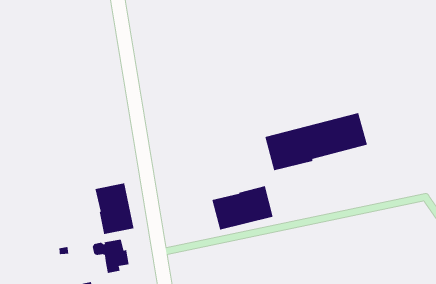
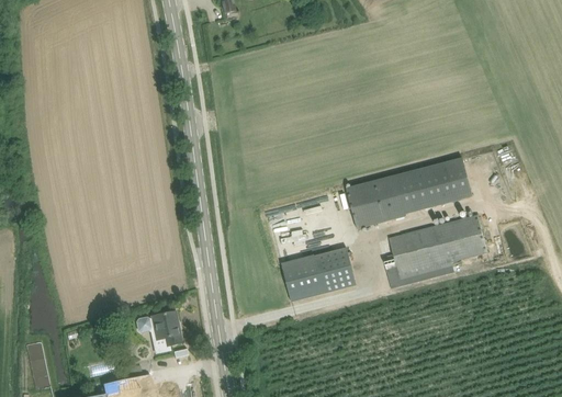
building: none -> [384,214,487,287]
building: [95,183,134,235] -> none

